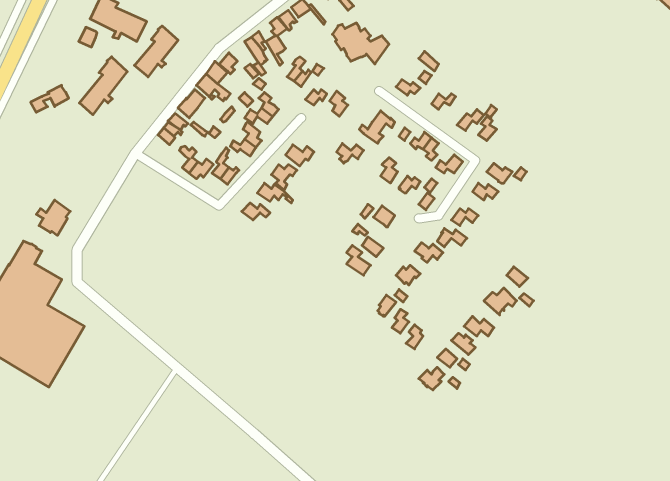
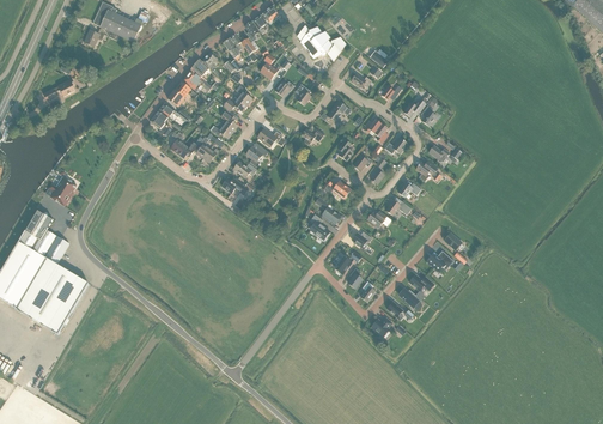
building: [134,26,178,77] -> none
building: [79,57,127,115] -> none

